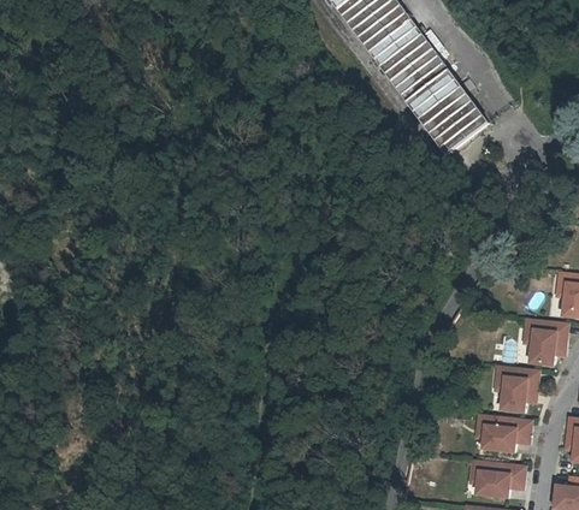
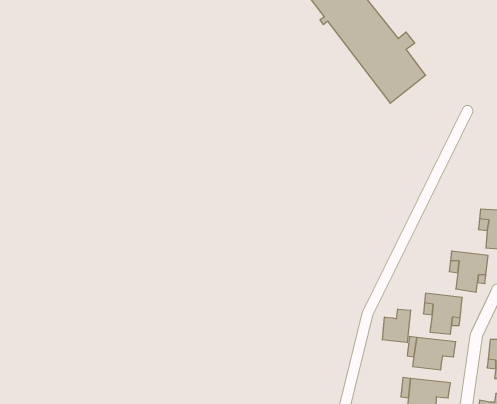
building: none -> [382,309,411,343]

